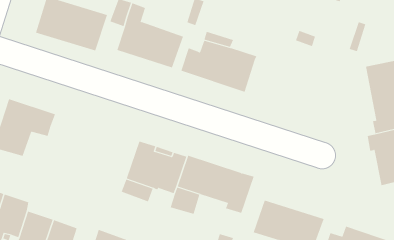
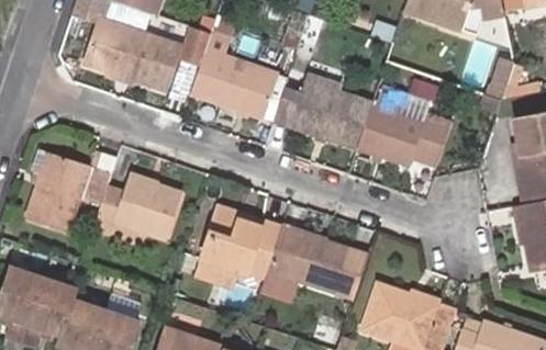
building: none -> [354,91,446,171]
building: none -> [99,179,183,238]

